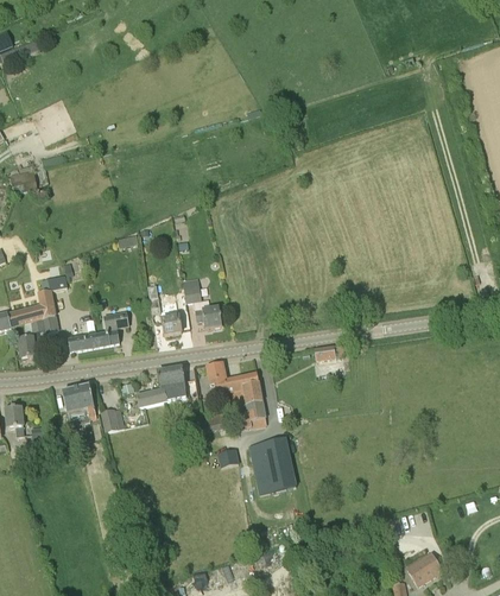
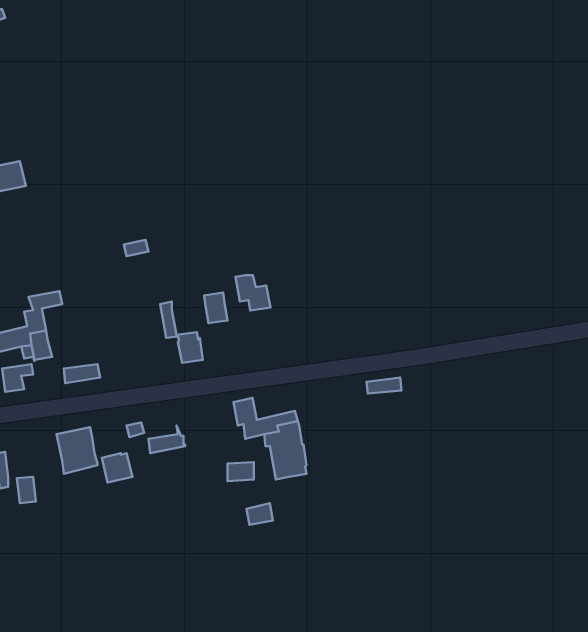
building: [194,299,222,328] -> [235,275,271,310]
building: [96,311,129,345] -> none
building: [158,368,186,400] -> none
building: [248,437,297,494] -> none

